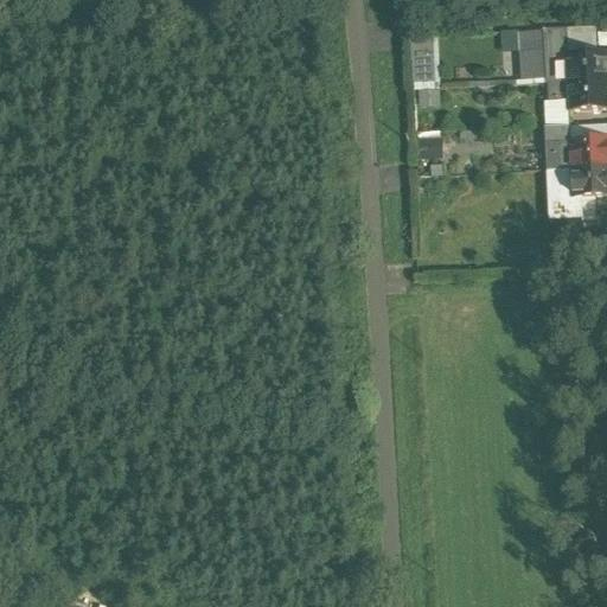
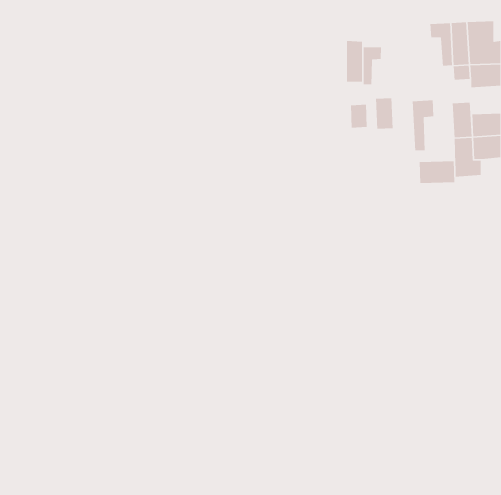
building: none -> [363,47,382,85]
building: none -> [375,98,393,130]
building: none -> [412,100,434,151]
building: none -> [419,161,455,184]

